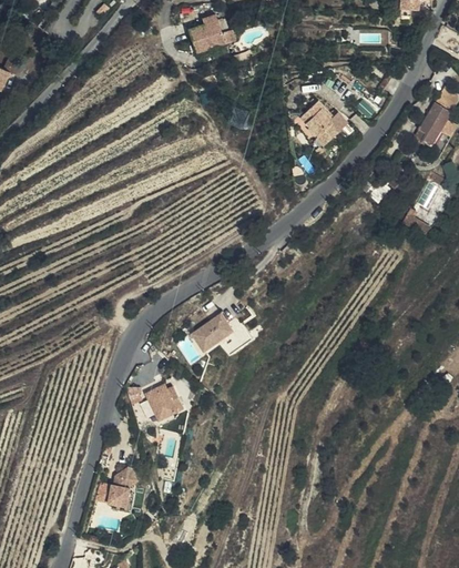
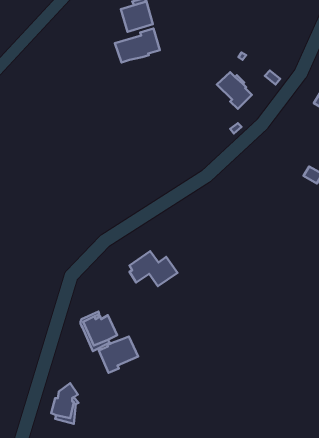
building: none -> [115,29,160,62]
building: none -> [99,336,138,373]

